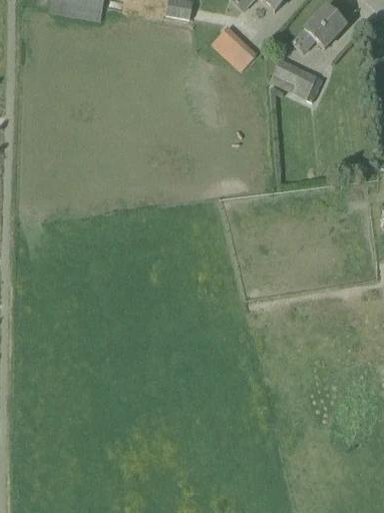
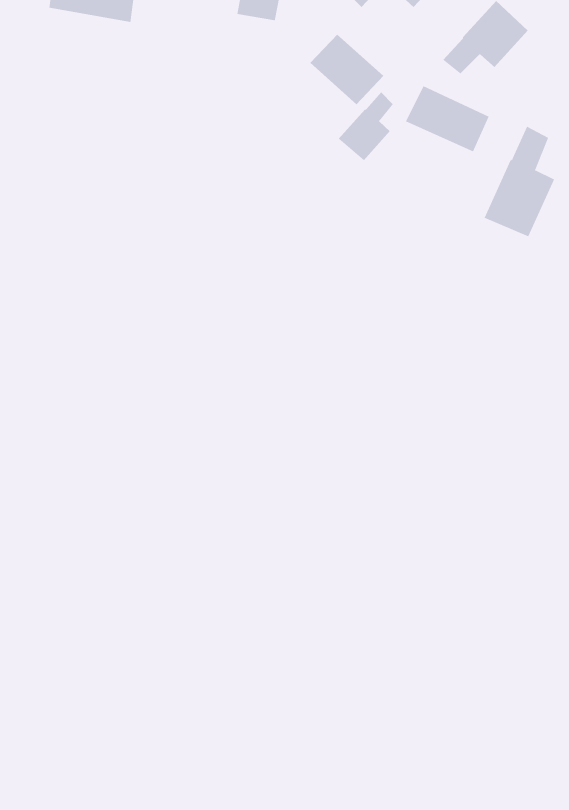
building: none -> [338,92,394,161]
building: none -> [484,126,555,237]

